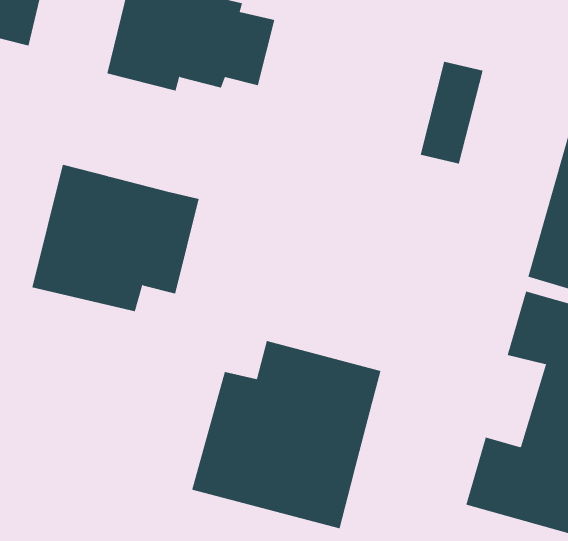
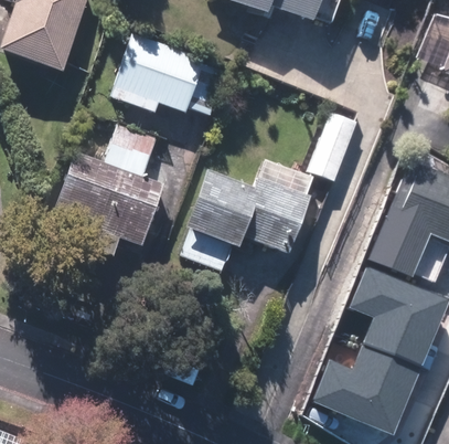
building: none -> [105,123,158,177]
building: none -> [181,160,312,269]
building: [191,340,381,529] -> none

